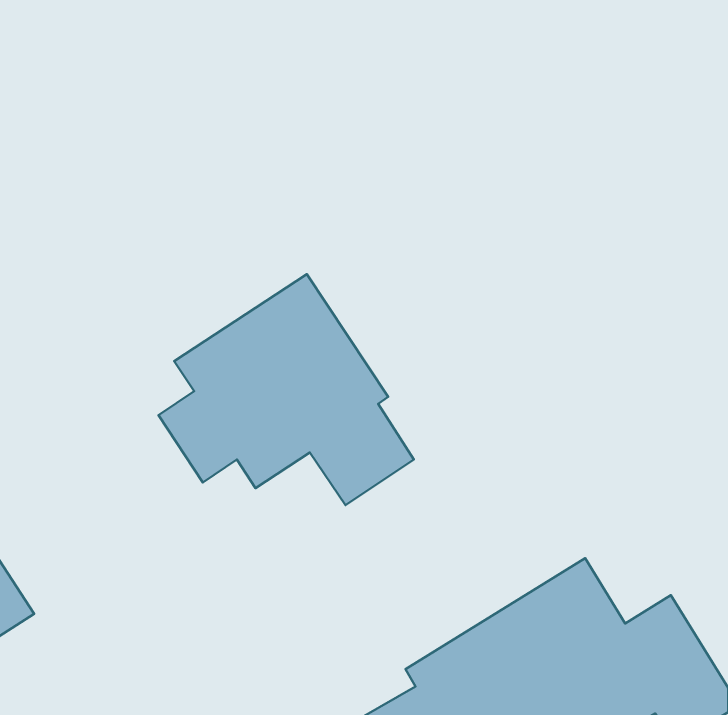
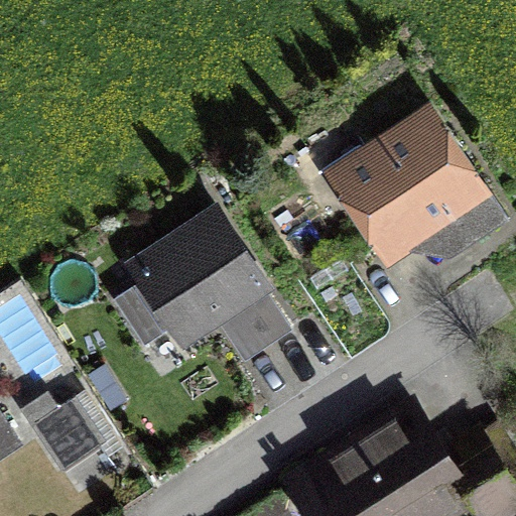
building: none -> [335,120,474,257]
building: none -> [19,393,122,478]

